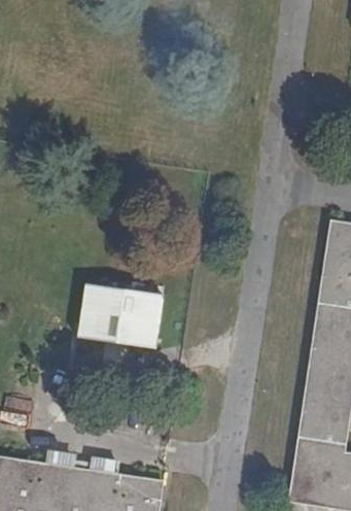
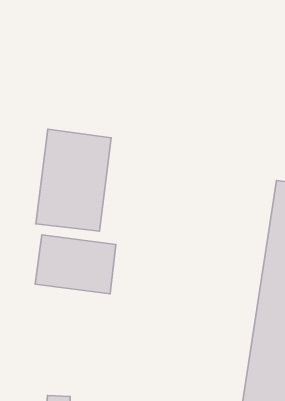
building: none -> [36,129,111,231]

